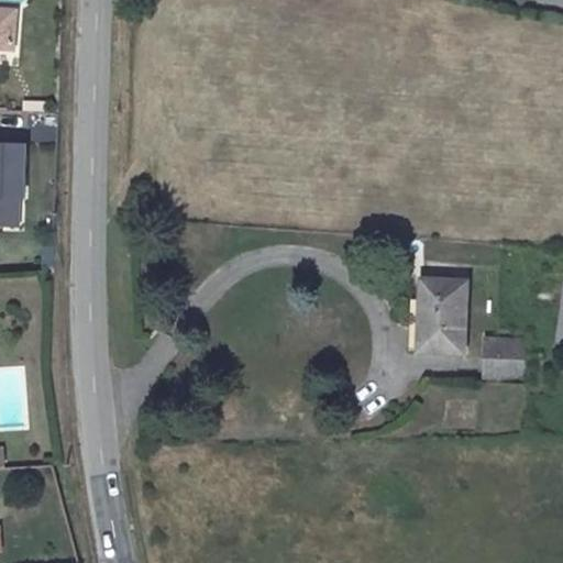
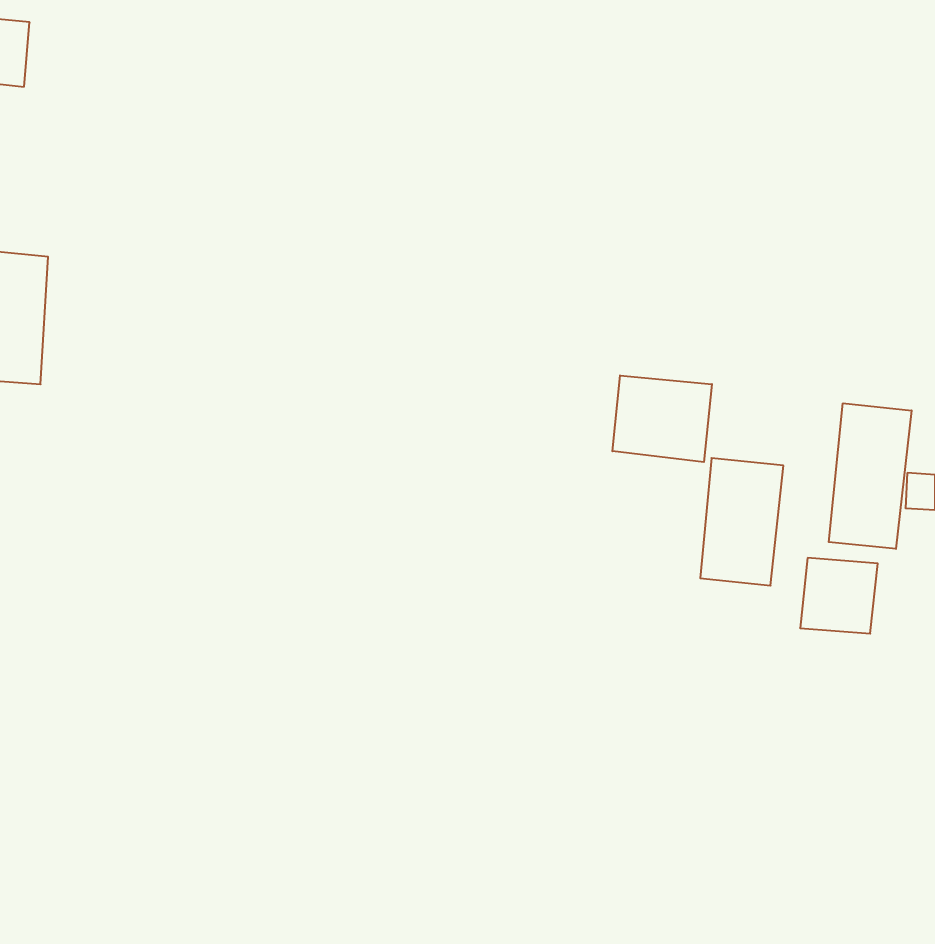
building: none -> [612,375,712,462]
building: none -> [829,403,912,549]

